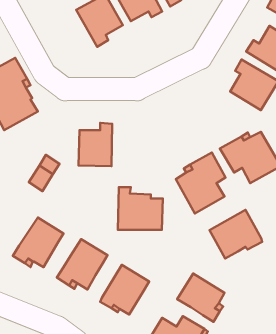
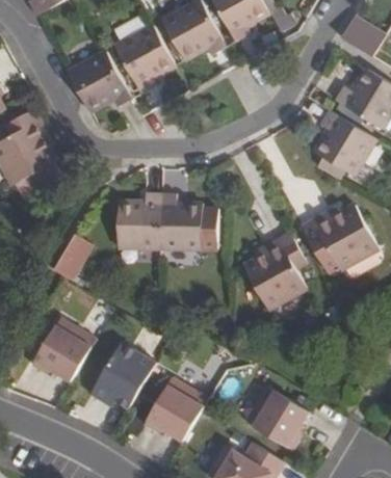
building: none -> [67,51,131,111]
building: [118,187,163,230] -> [159,193,217,248]
building: [209,210,262,258] -> none

